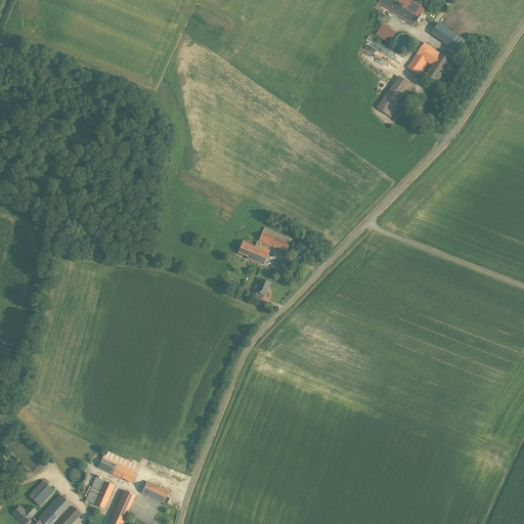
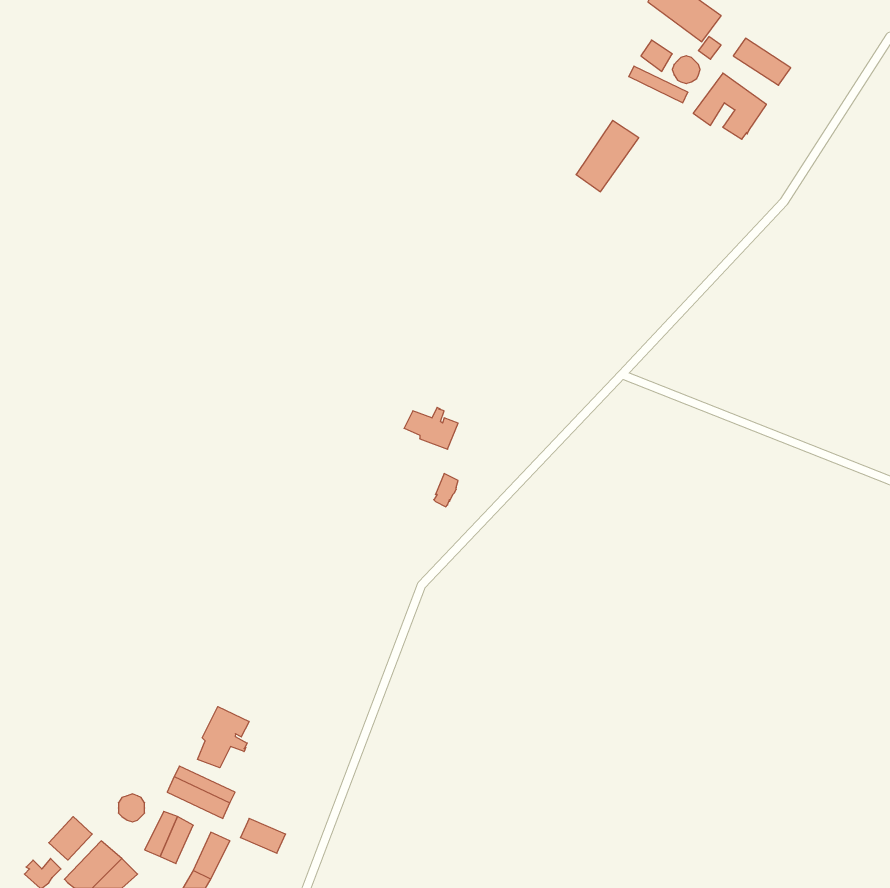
building: [378,76,414,118] -> [576,120,639,192]
building: [258,227,292,252] -> none
building: none -> [197,707,249,768]

